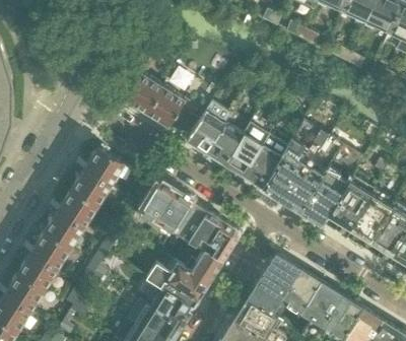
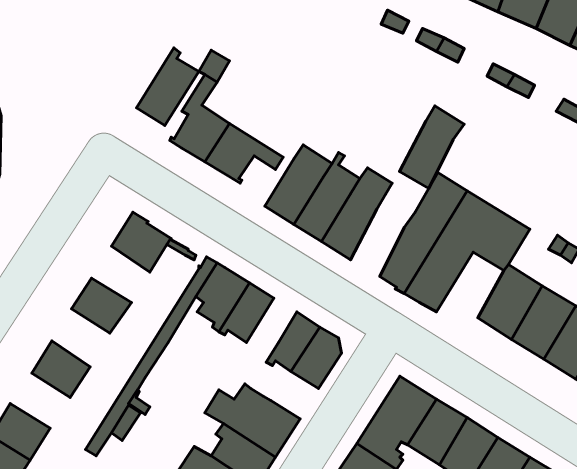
building: none -> [136,48,199,125]
building: [243,133,285,188] -> [400,106,464,188]
building: [71,167,110,205] -> none
building: [299,172,344,224] -> none
building: [174,202,207,245] -> none
building: [45,209,83,248] -> none
building: [185,251,221,282] -> none
building: [17,252,57,288] -> none

